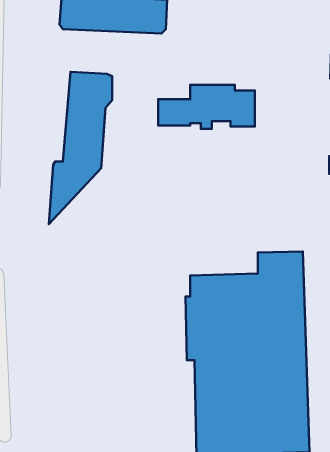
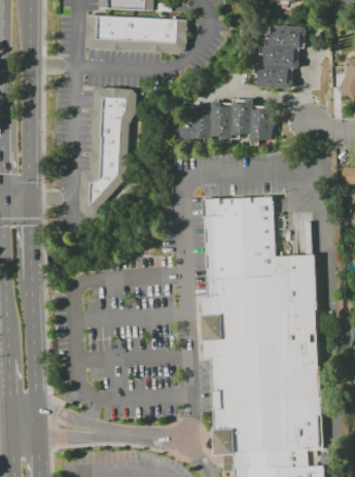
building: none -> [256,25,305,89]
building: none -> [208,200,274,279]

